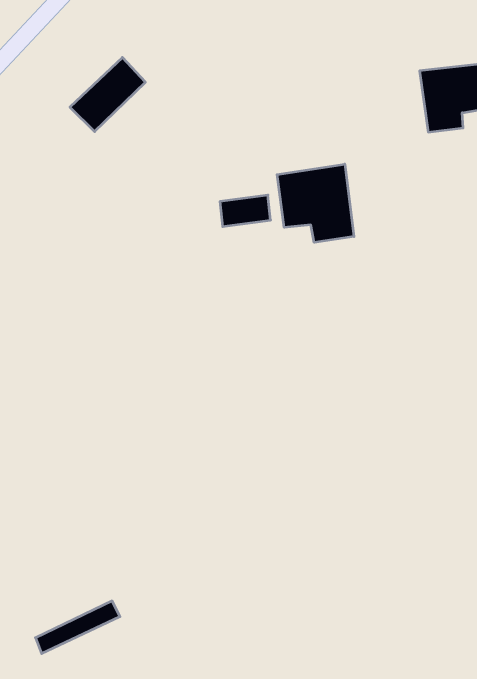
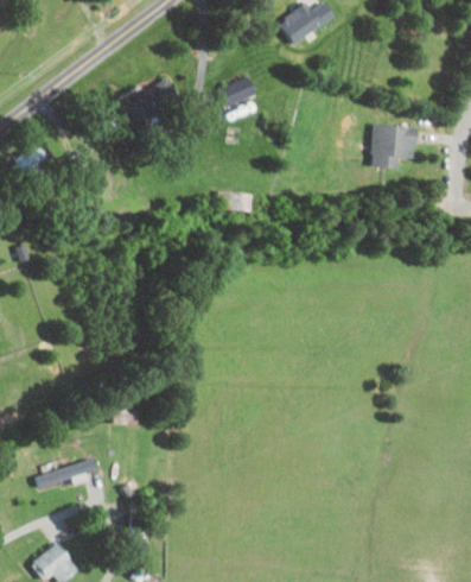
building: none -> [219,76,257,108]
building: [277,164,354,242] -> none

